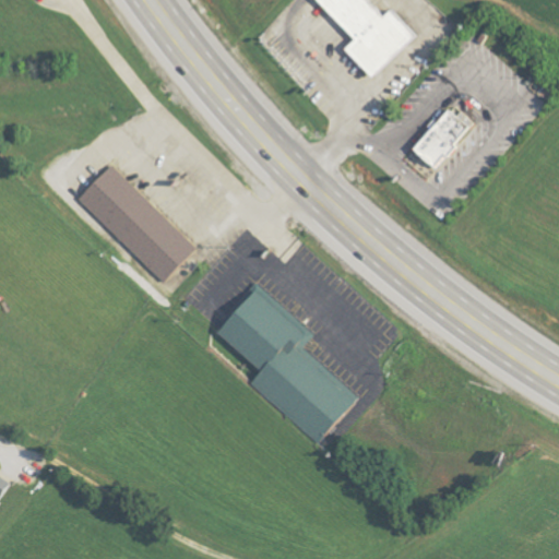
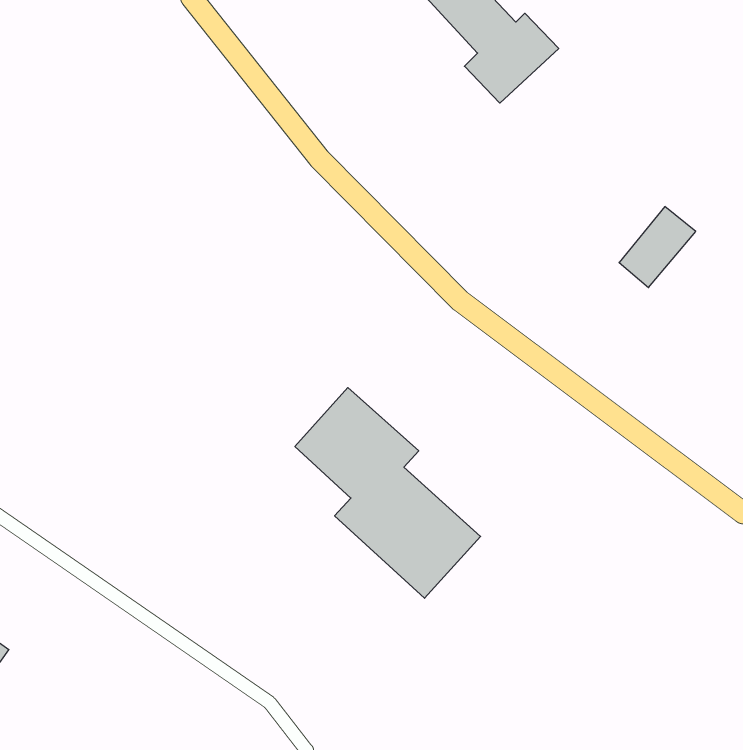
building: [413,109,469,169] -> [619,207,696,288]
building: [78,165,193,281] -> none

